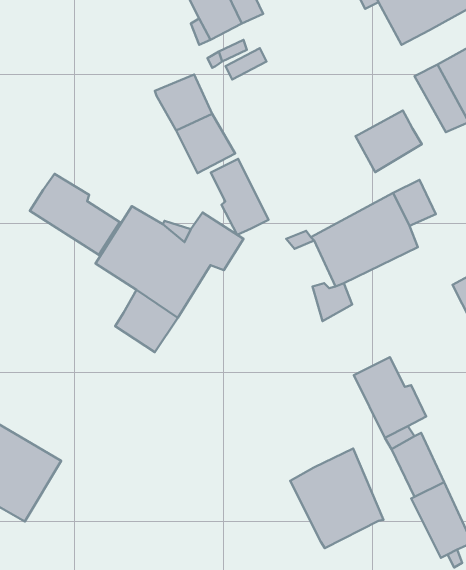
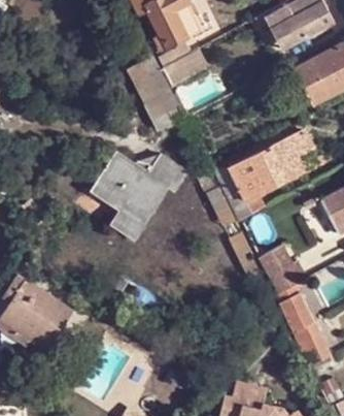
building: [355,110,422,172] -> none
building: [211,159,269,235] -> none
building: [30,174,120,255] -> none
building: [290,448,384,548] -> none

